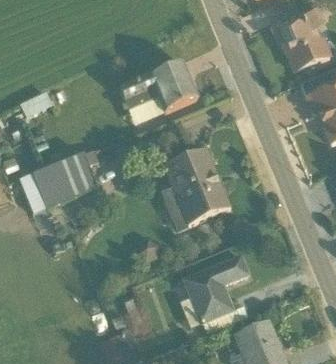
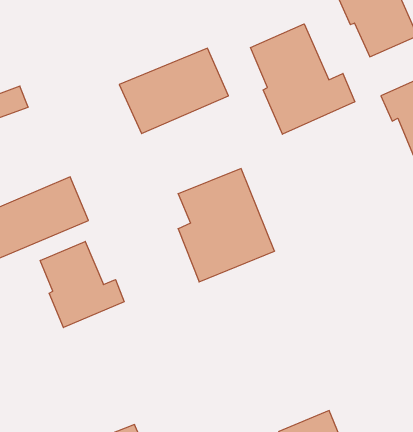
building: none -> [250,24,355,134]
building: none -> [40,241,124,328]
building: [182,253,250,324] -> none

